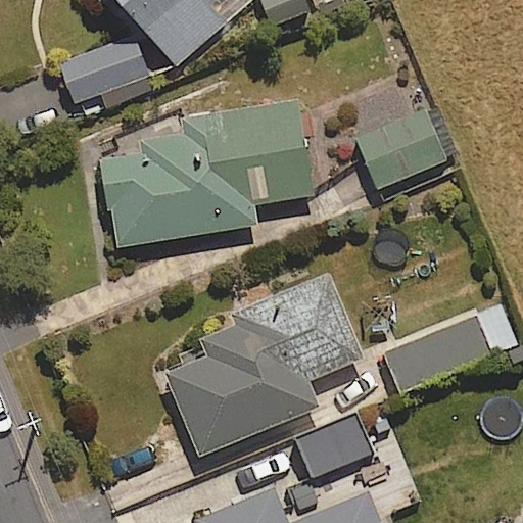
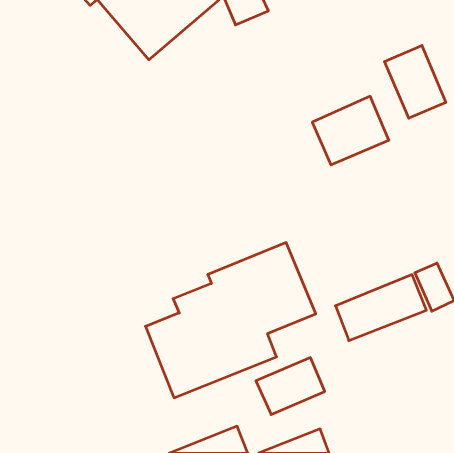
building: [59,37,146,103] -> none
building: none -> [384,45,446,118]
building: [99,104,311,248] -> none

